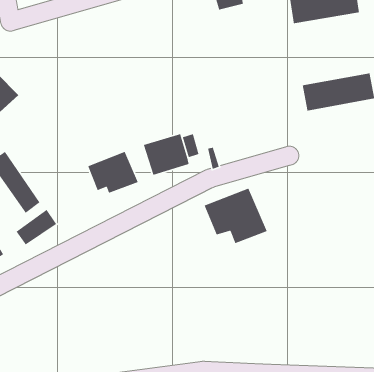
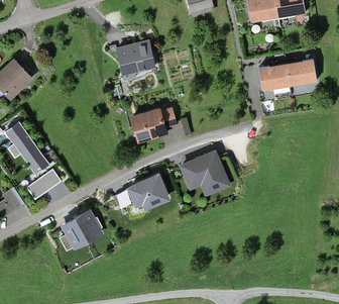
building: none -> [118,44,153,77]
building: [87,151,139,194] -> [128,172,170,206]
building: none -> [59,208,103,252]

